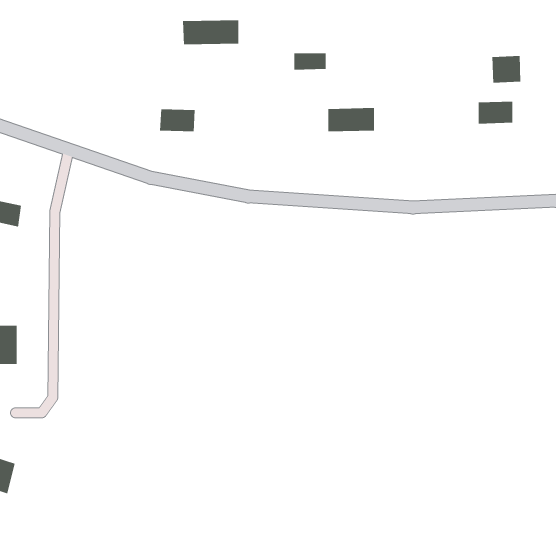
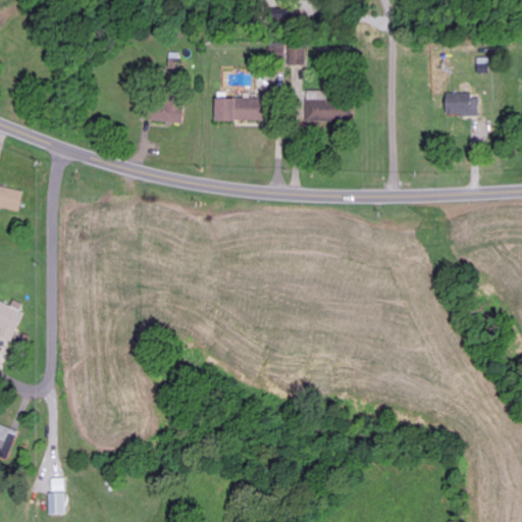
building: [182,20,239,45] -> [212,98,265,121]
building: [492,55,521,83] -> none
building: none -> [46,492,63,515]

